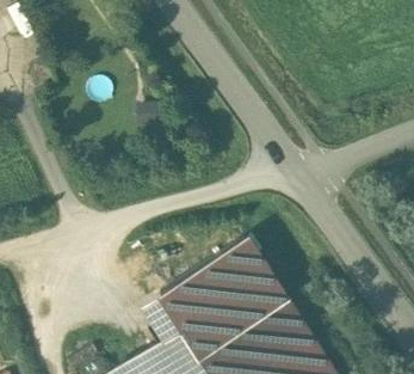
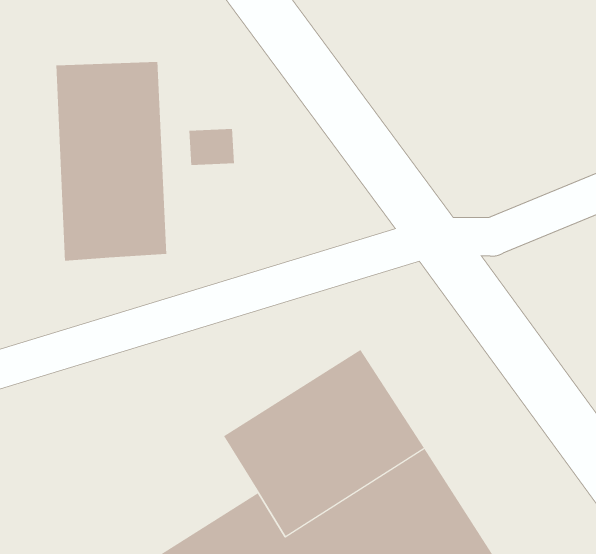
building: none -> [56,61,167,261]

